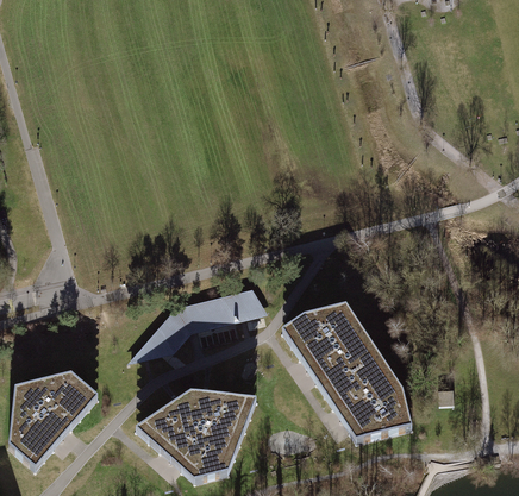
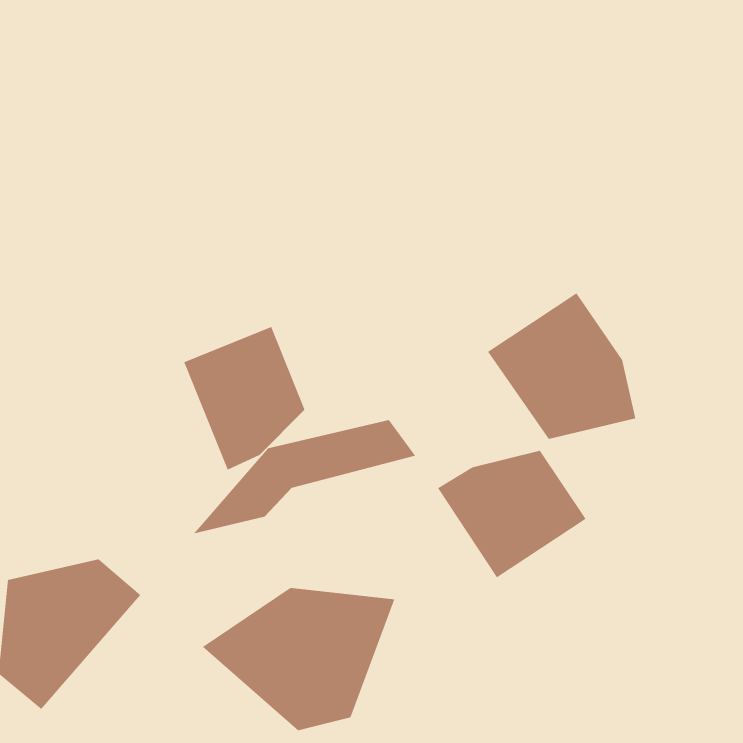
building: none -> [183,326,305,470]
building: [319,346,412,438] -> [487,293,636,440]

